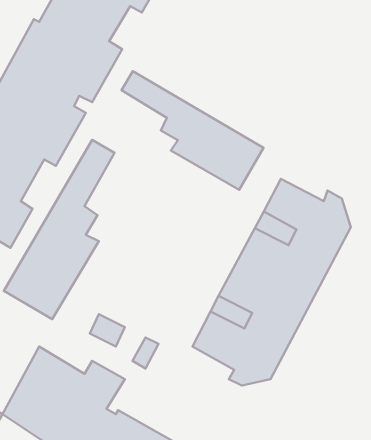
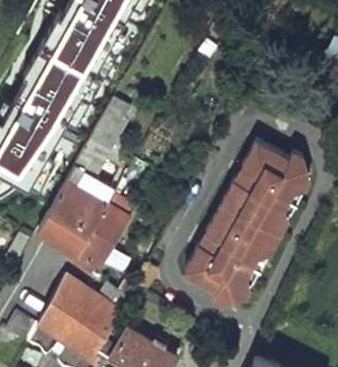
building: [121,71,263,190] -> none
building: none -> [70,186,128,272]

